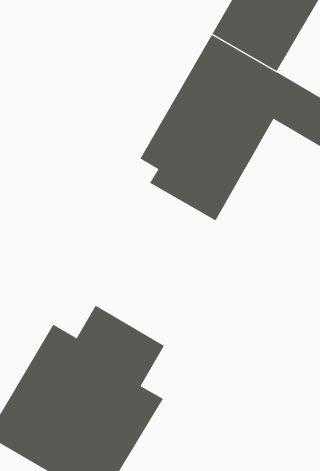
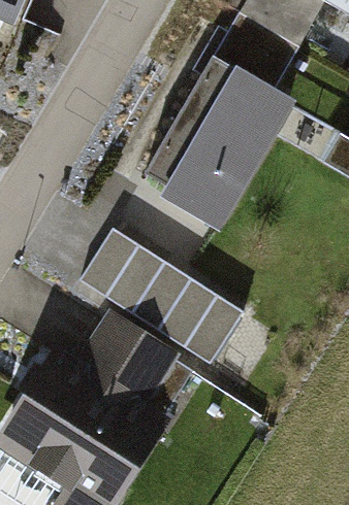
building: none -> [82,230,243,362]

